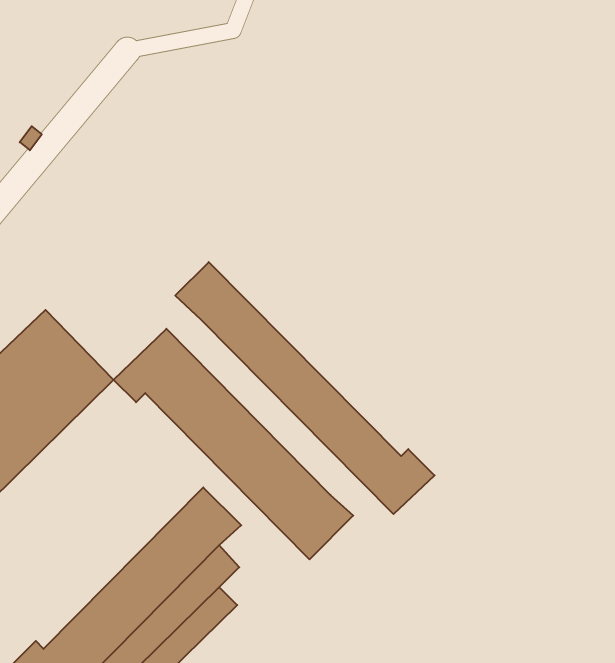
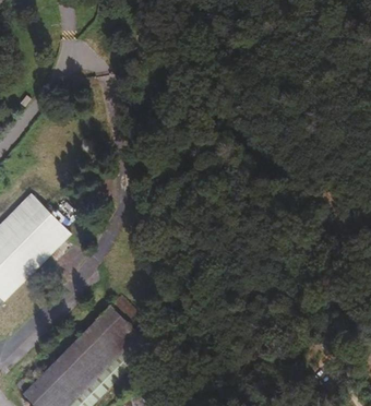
building: [175,262,435,514] -> none
building: [114,329,353,559] -> none

